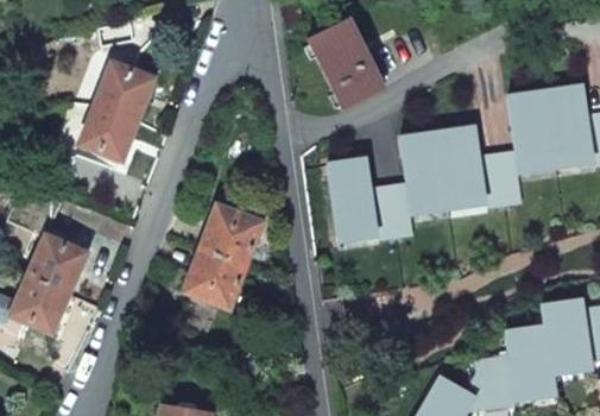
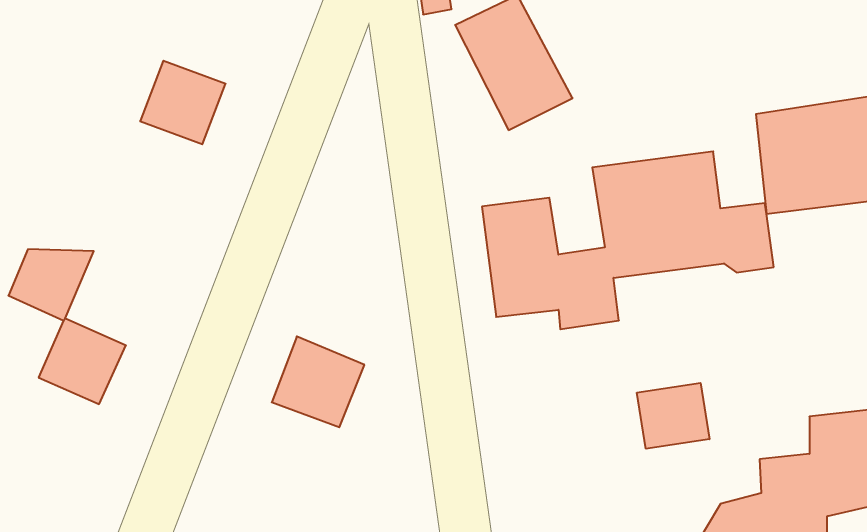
building: [81,105,138,160] -> none
building: [201,206,263,267] -> none
building: [11,276,69,333] -> none
building: none -> [637,383,709,449]

